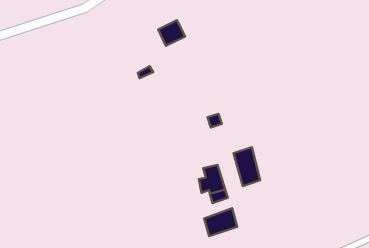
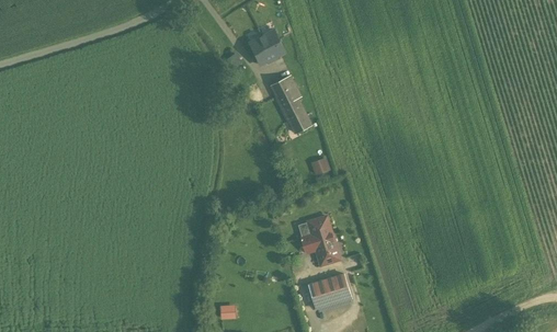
building: none -> [268,78,309,133]
building: [234,147,260,186] -> none

